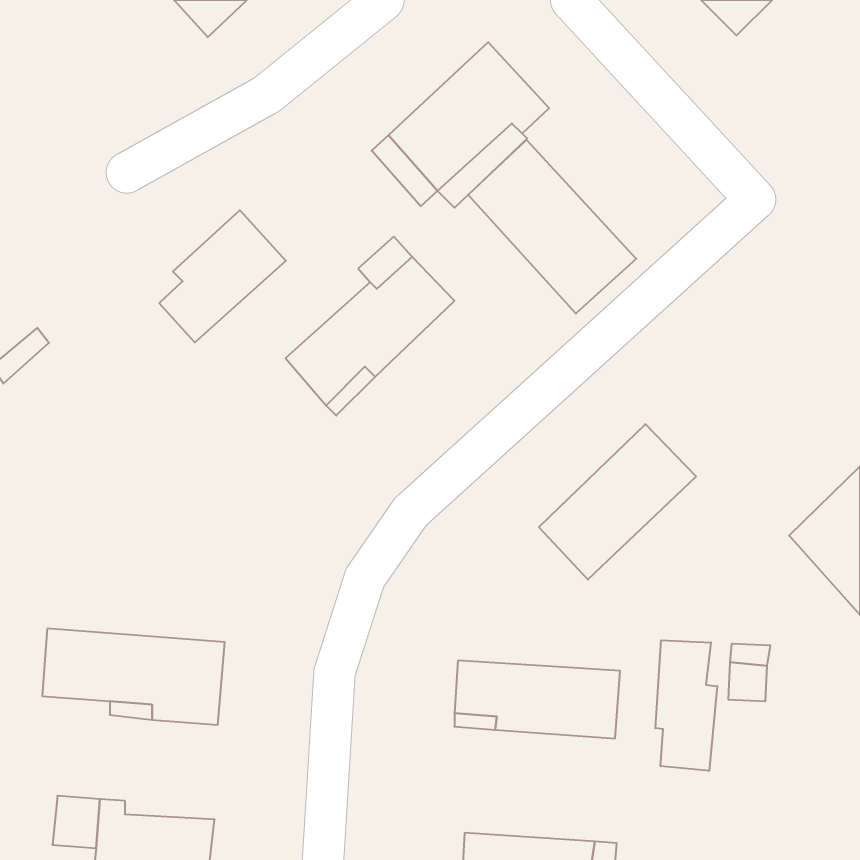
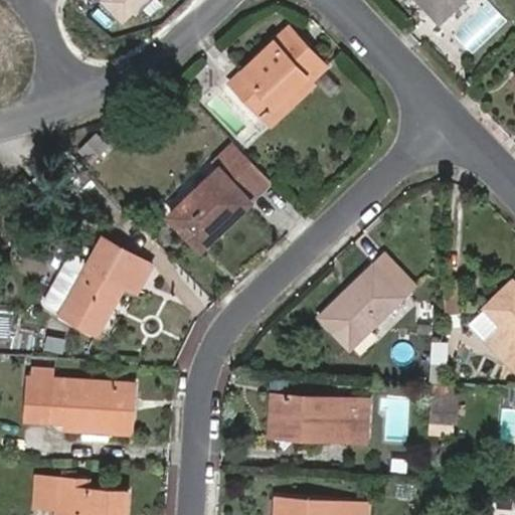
building: [468,140,636,314] -> none
building: [159,210,286,342] -> none
building: none -> [43,237,151,333]
building: [655,640,717,771] -> none

